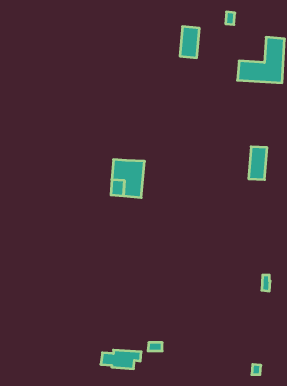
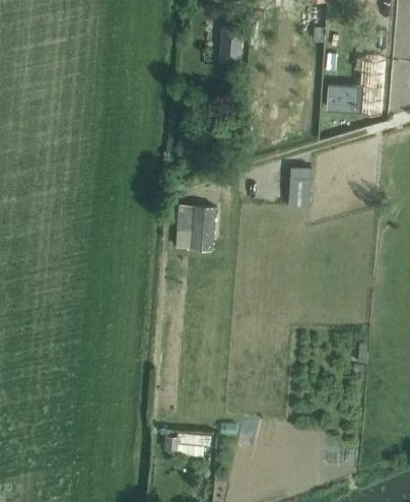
building: [180,27,199,58] -> [218,25,242,63]
building: [249,147,267,180] -> [287,167,310,206]

